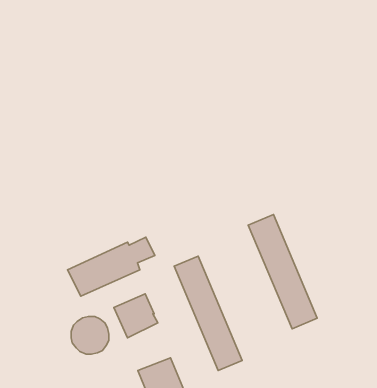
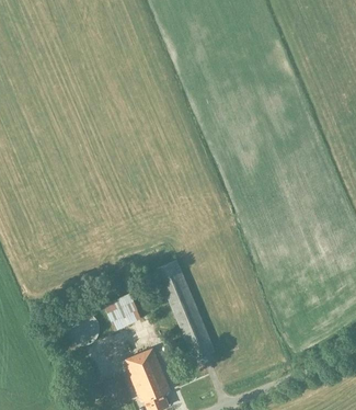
building: [248,214,317,329] -> none
building: [68,237,155,296] -> none

